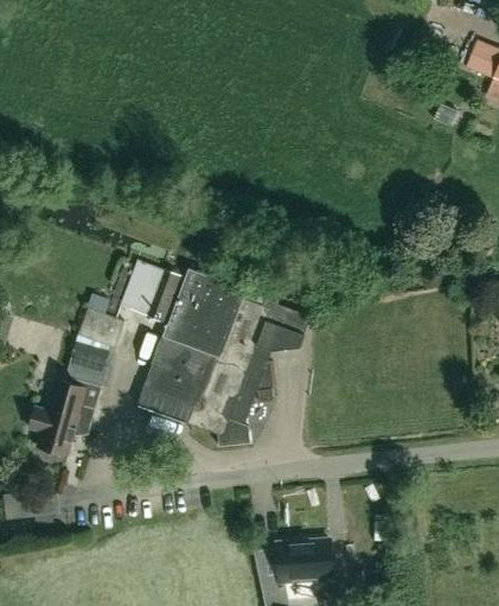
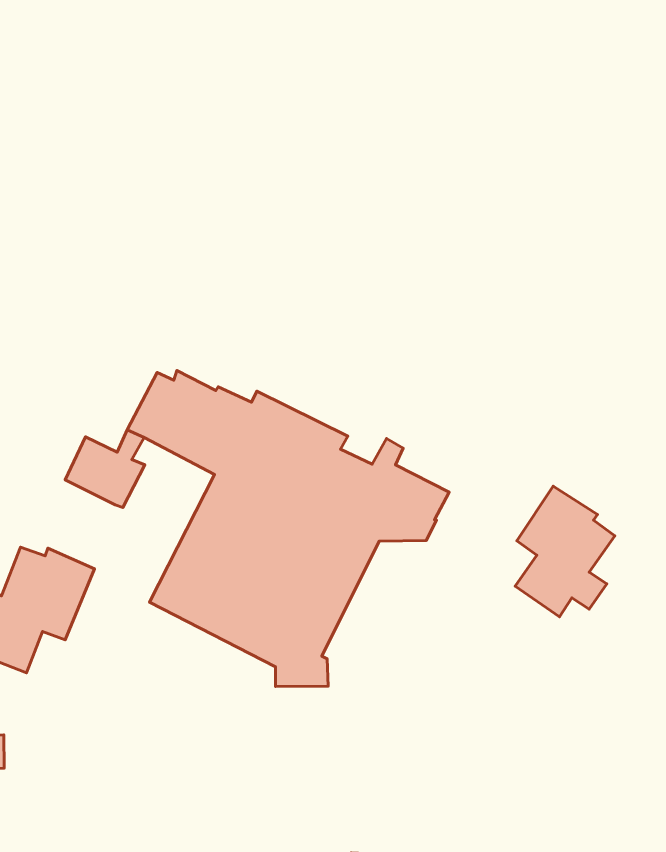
building: none -> [515,486,615,617]
building: [70,334,109,366] -> none

